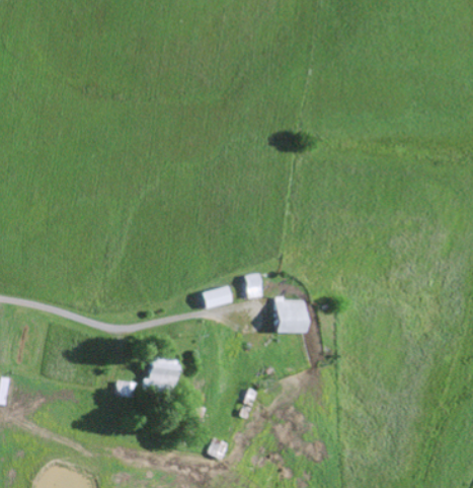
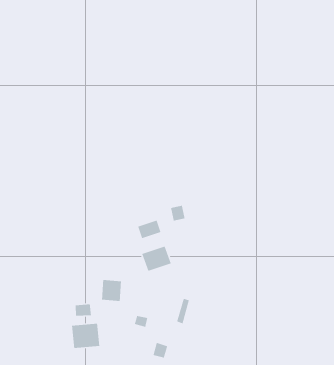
building: [275,296,305,332] -> none
building: none -> [141,245,172,272]
building: none -> [71,323,100,349]

